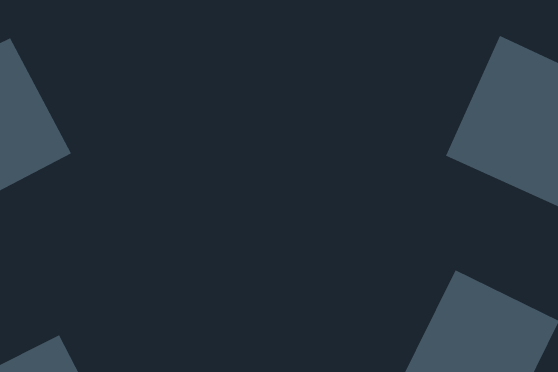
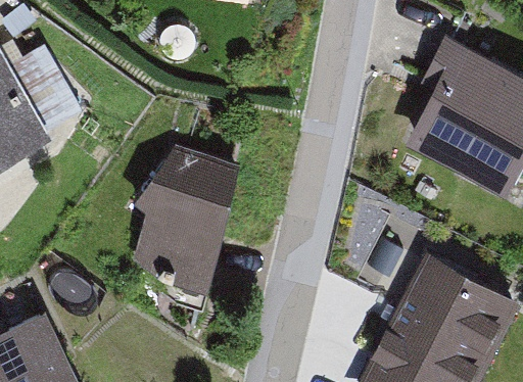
building: none -> [127,148,236,285]

